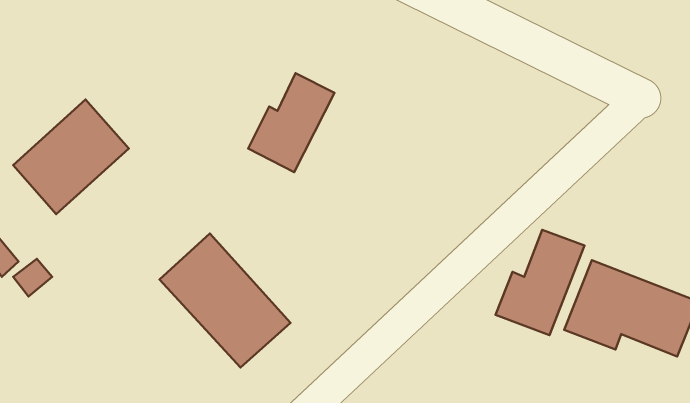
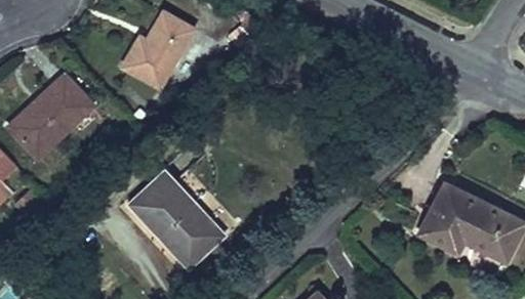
building: [248,73,335,172] -> [127,10,191,83]
building: [495,230,585,335] -> none

